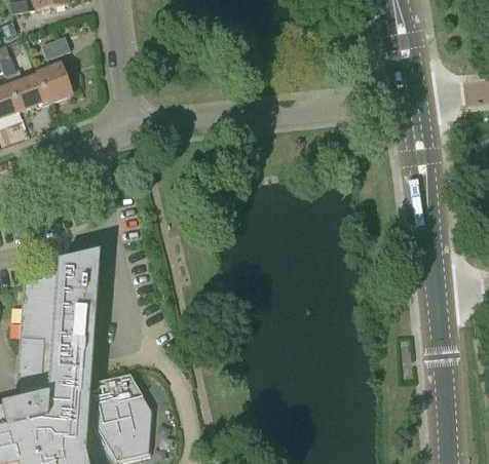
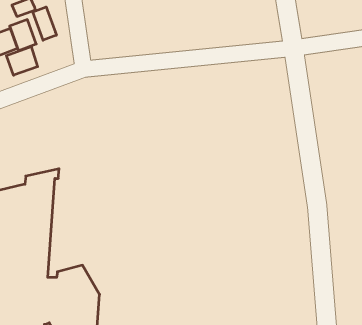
building: none -> [33,7,56,40]
building: none -> [6,47,38,75]

